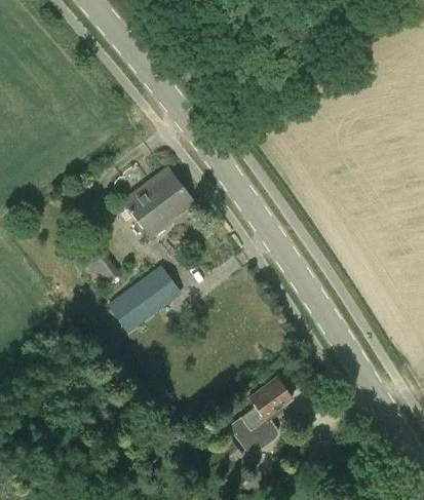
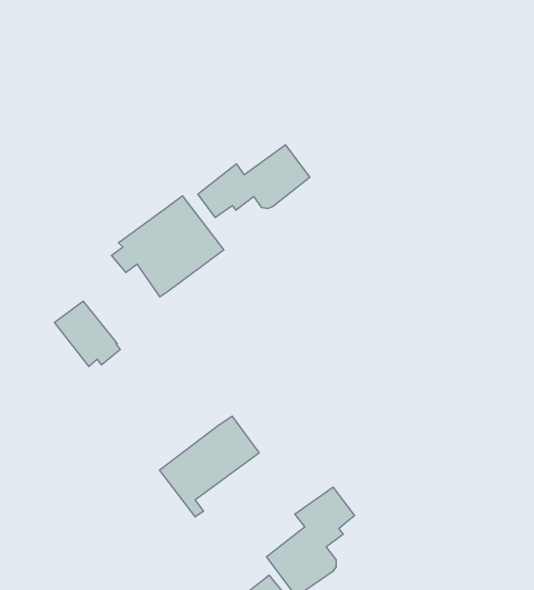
building: none -> [198,145,310,217]
building: [109,266,181,339] -> [160,416,259,517]

